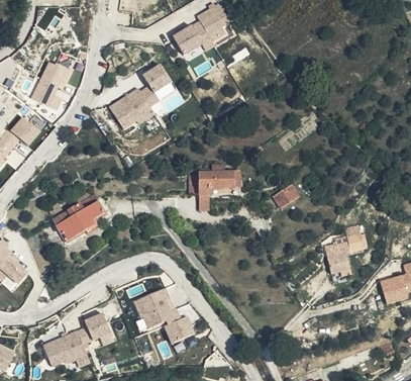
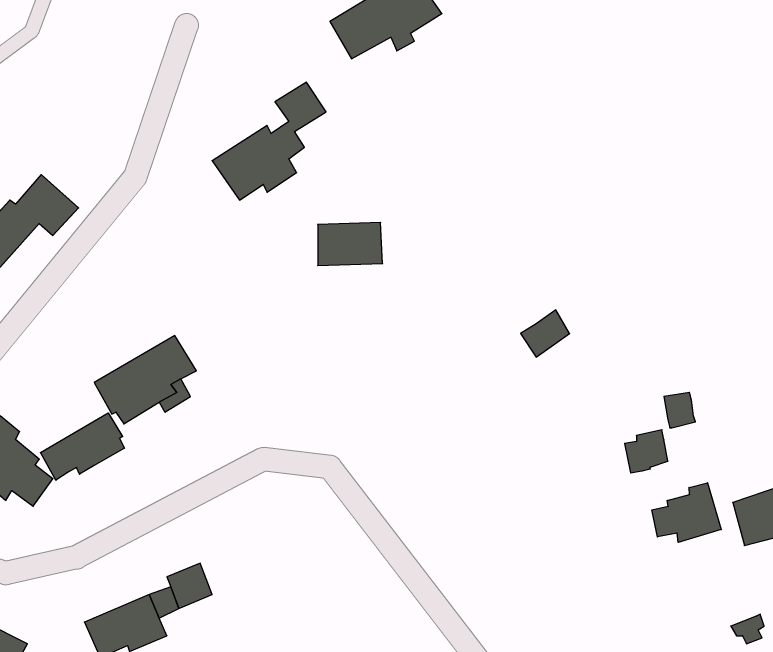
building: [33,63,72,109] -> none
building: [199,172,232,194] -> [318,222,383,266]
building: none -> [40,413,124,480]
building: none -> [652,483,721,542]
building: [134,290,193,343] -> none

